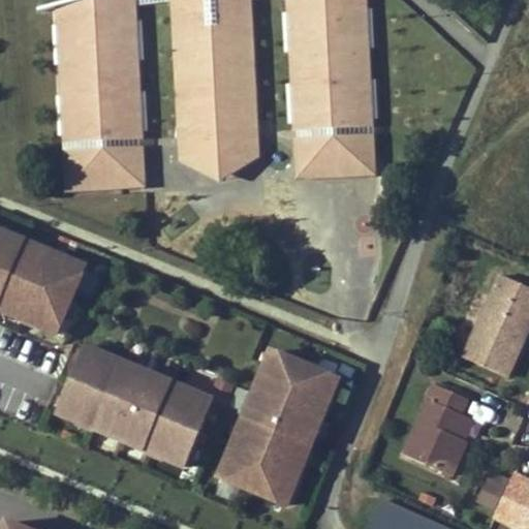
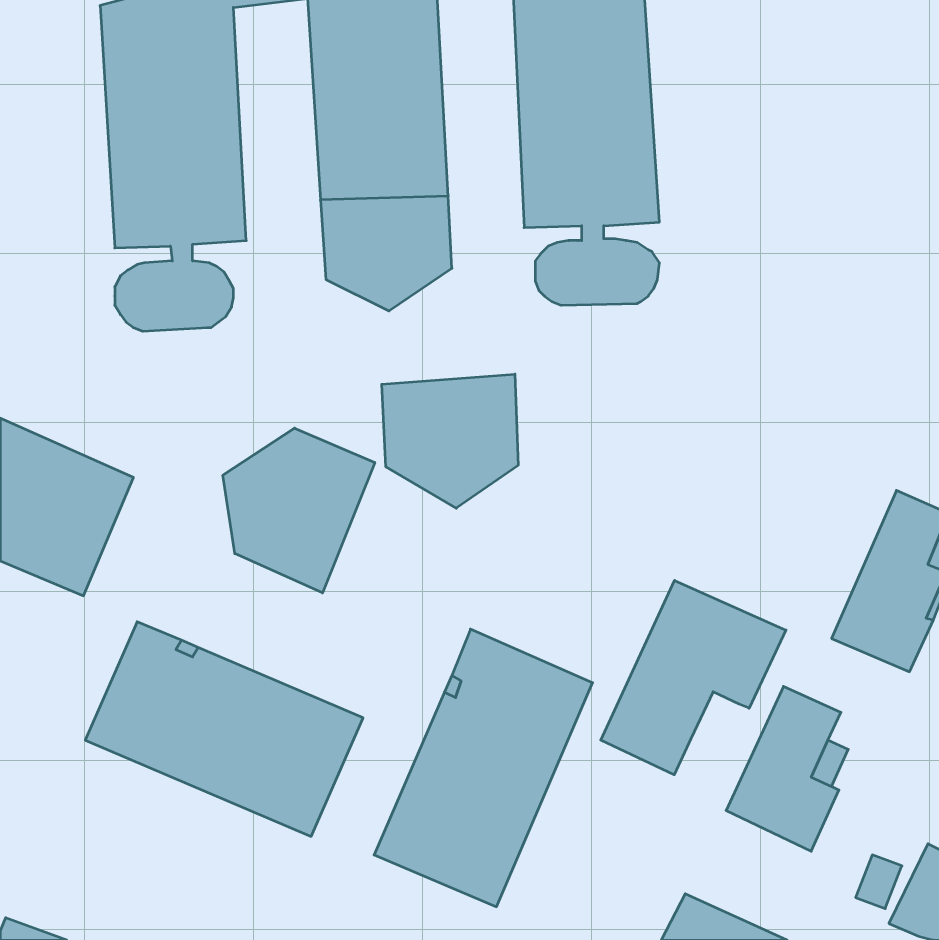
building: none -> [382,374,518,508]
building: none -> [223,428,375,593]
building: none -> [601,580,786,775]

